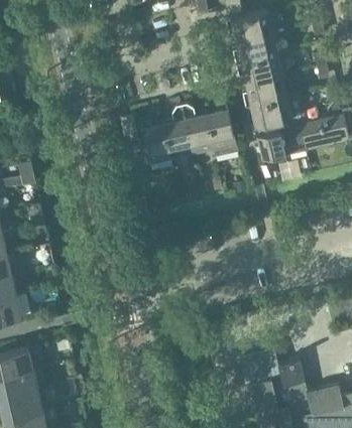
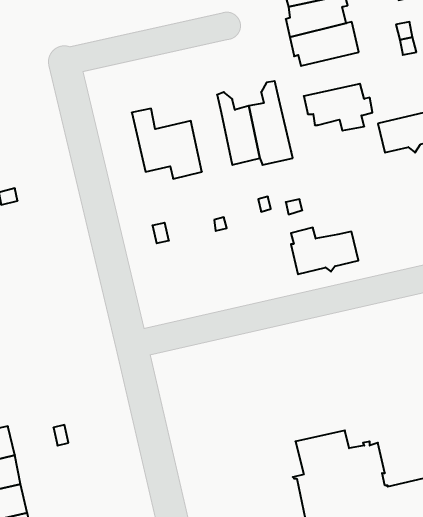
building: [242,74,288,106] -> none
building: [163,105,194,161] -> none
building: [256,123,306,157] -> [291,228,358,274]

